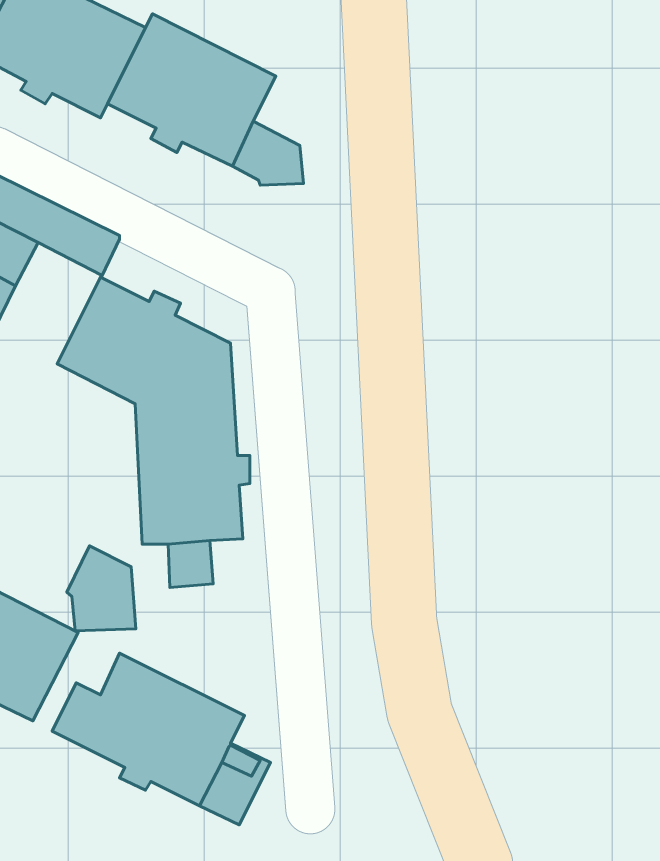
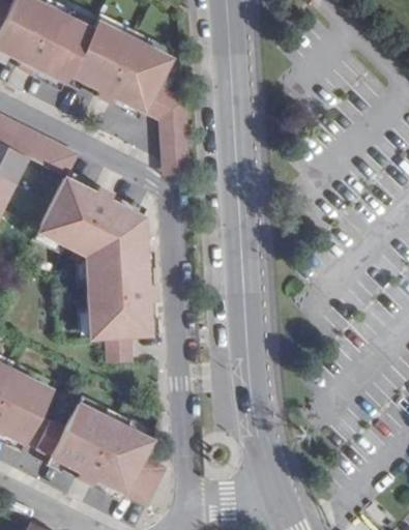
building: none -> [159,121,187,175]
building: [67,546,136,631] -> none

